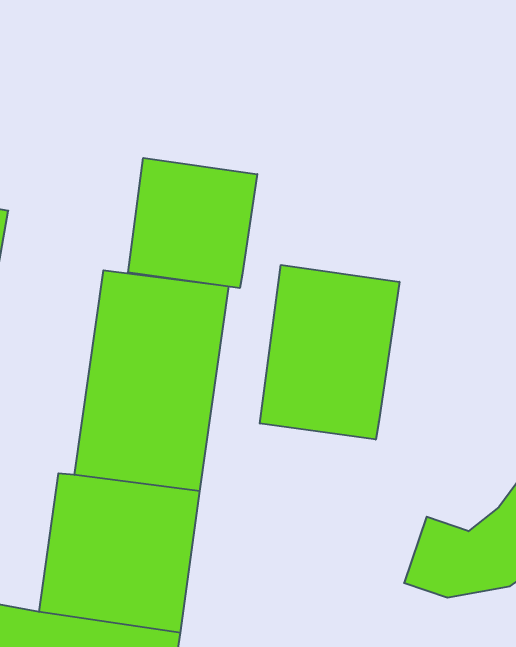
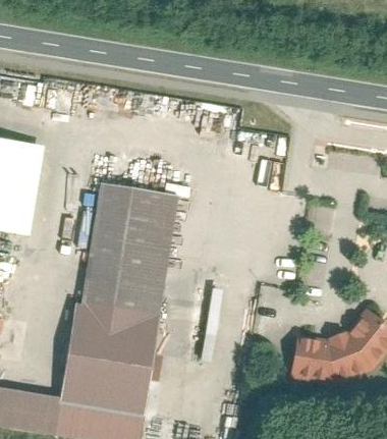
building: [128,158,257,288] -> none
building: [260,265,399,440] -> none

